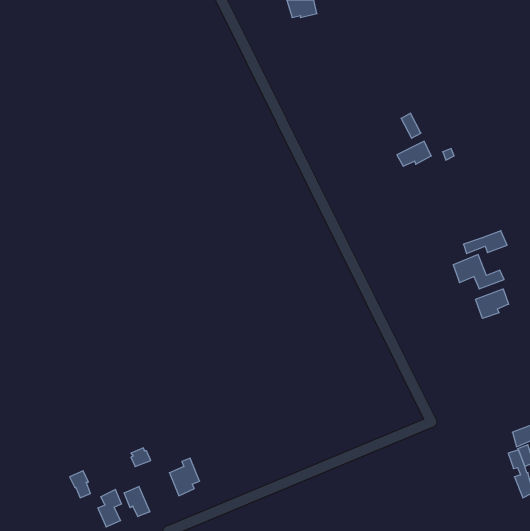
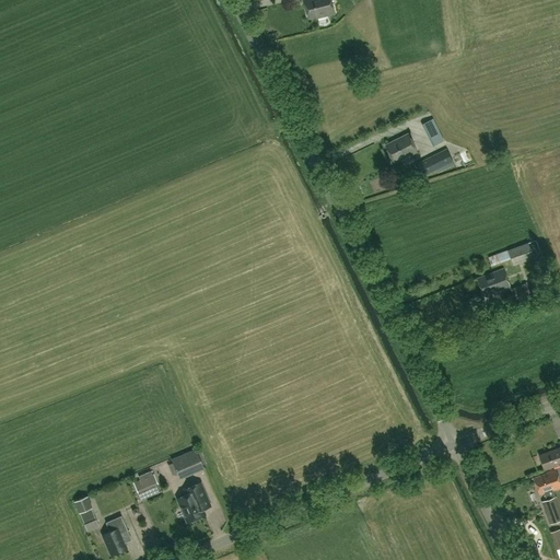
building: none -> [387,135,417,163]
building: [475,289,509,318] -> none
building: none -> [174,450,203,476]
building: [124,486,150,517] -> none

